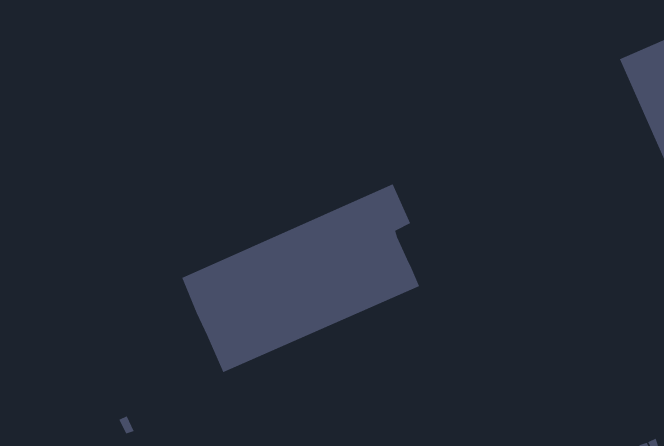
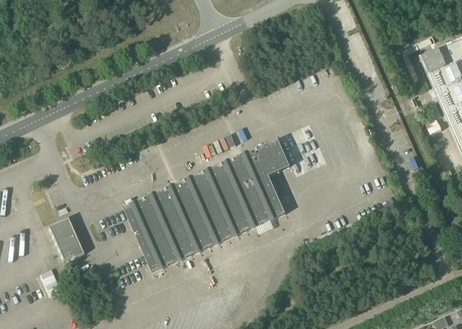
building: none -> [49,215,84,258]

